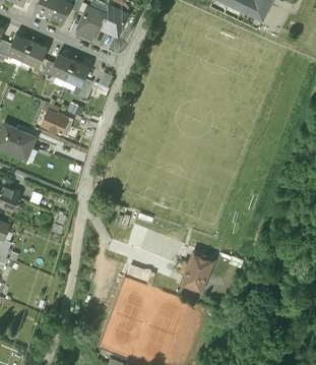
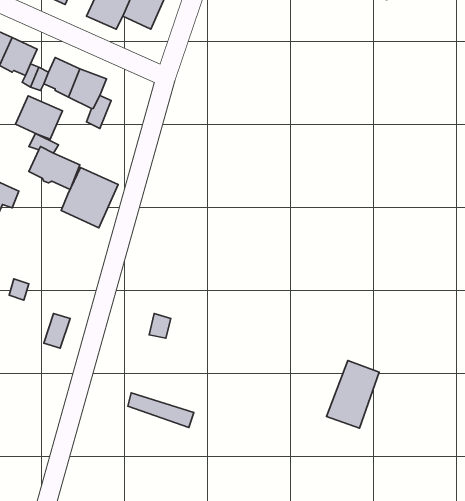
building: none -> [16,96,63,139]
building: none -> [61,167,118,228]
building: [181,253,213,295] -> [326,360,379,428]

